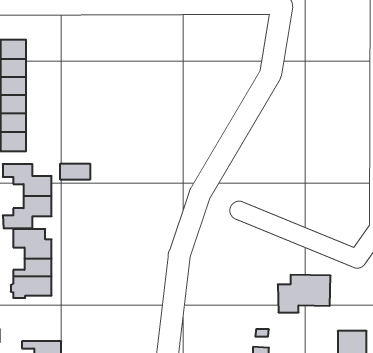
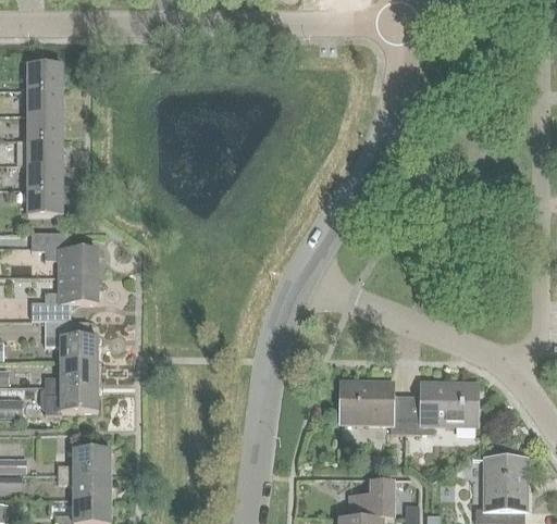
building: [60,164,90,180] -> none
building: none -> [339,380,405,433]
building: none -> [57,447,110,472]

